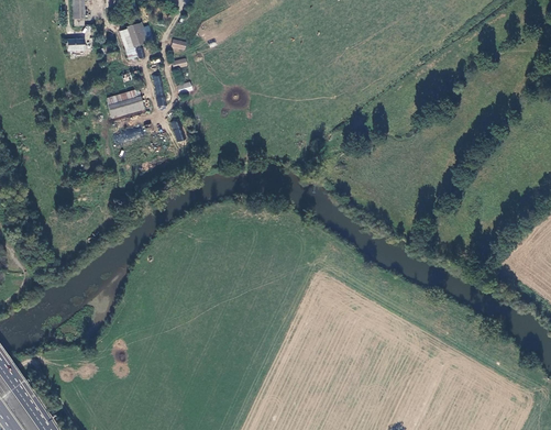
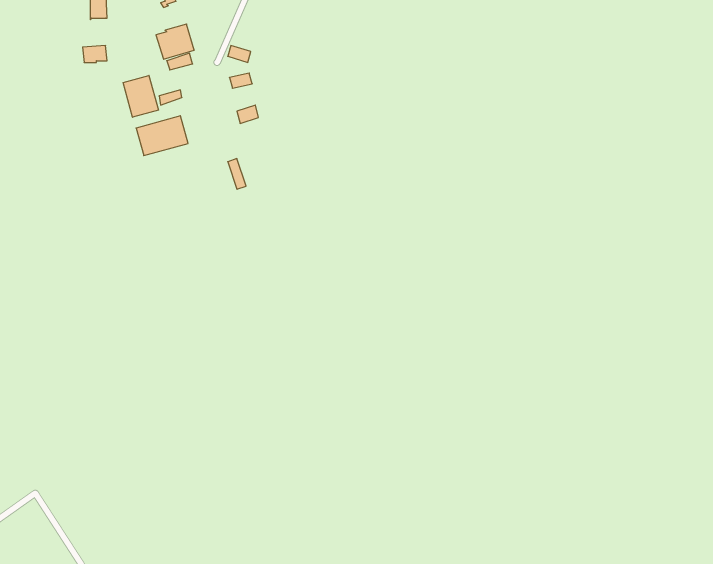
building: none -> [123,75,159,117]

